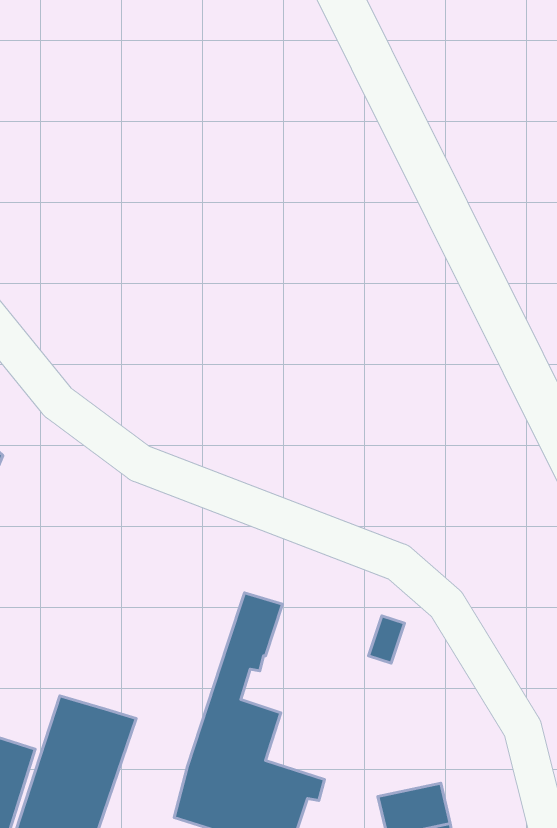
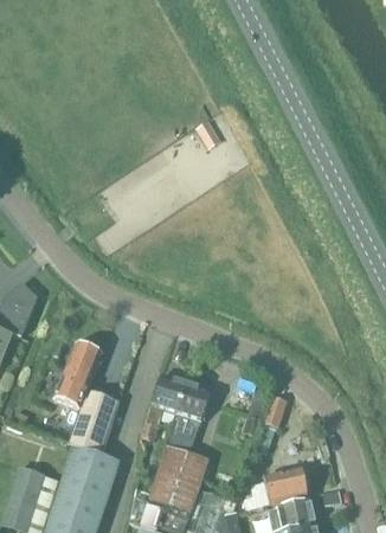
building: none -> [54,342,118,454]
building: none -> [144,373,187,424]
building: none -> [237,468,305,510]

